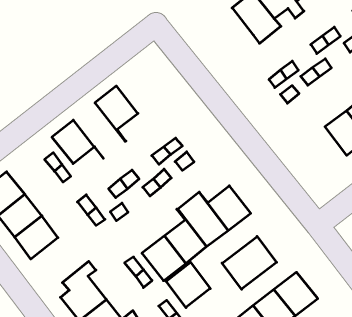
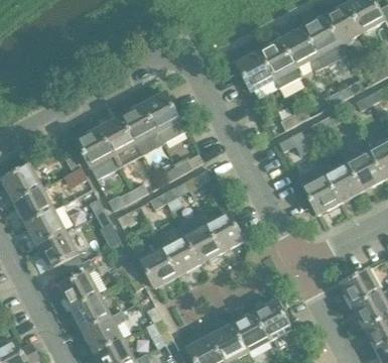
building: none -> [236,51,274,92]
building: none -> [142,92,185,142]
building: none -> [98,116,141,167]
building: none -> [296,164,340,215]
building: [222,236,277,289] -> none
building: none -> [37,232,90,273]
building: [166,262,210,308] -> none

